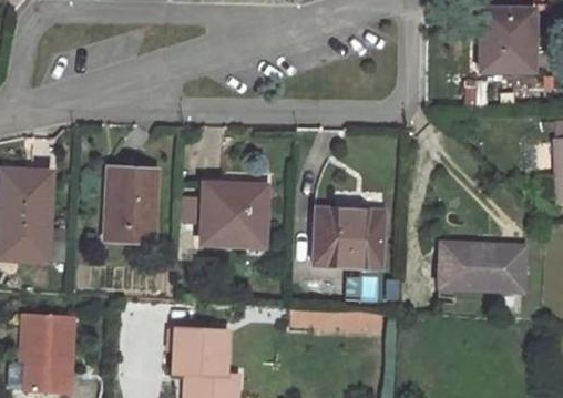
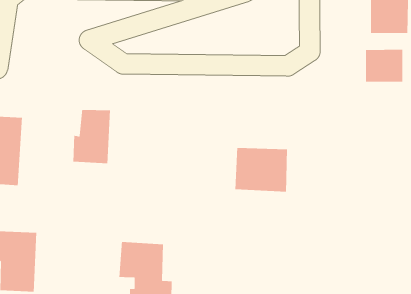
building: none -> [365,49,403,82]
building: [205,177,268,241] -> none
building: [439,244,524,290] -> none

